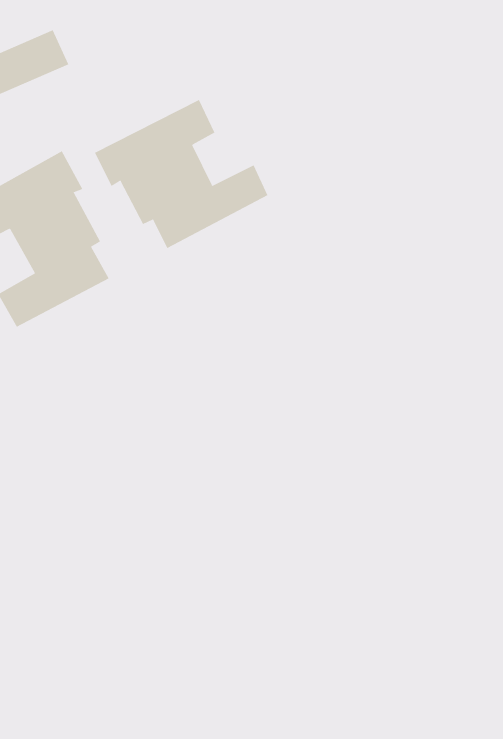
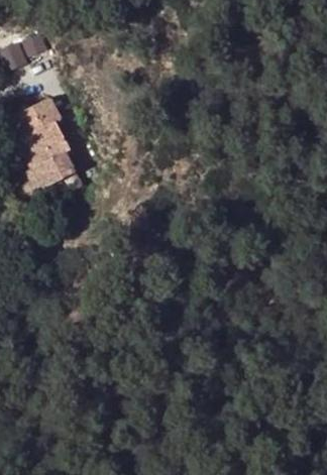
building: [94,99,268,249] -> none

